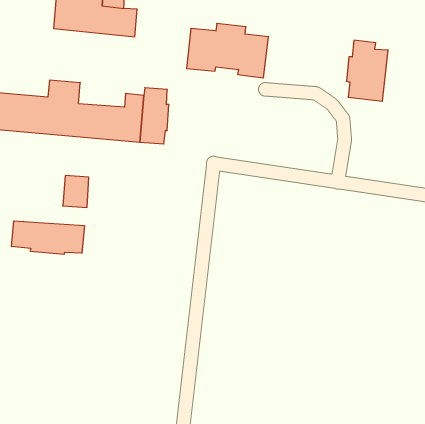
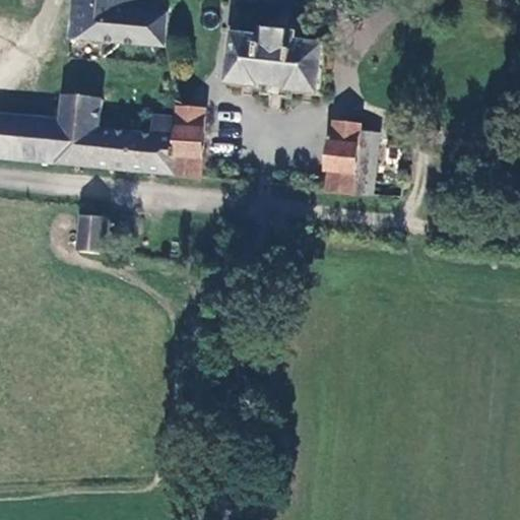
building: [346,40,388,101] -> [324,120,375,194]
building: [12,221,84,254] -> none

